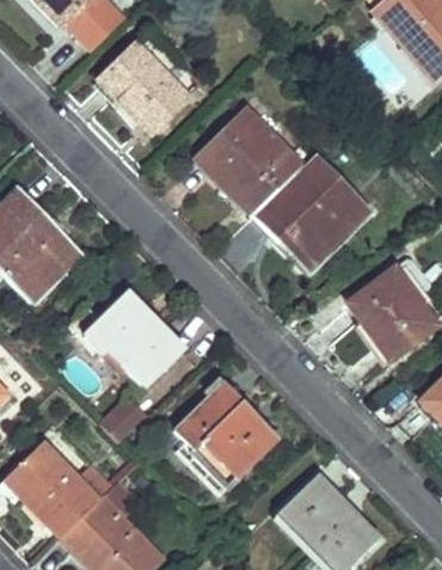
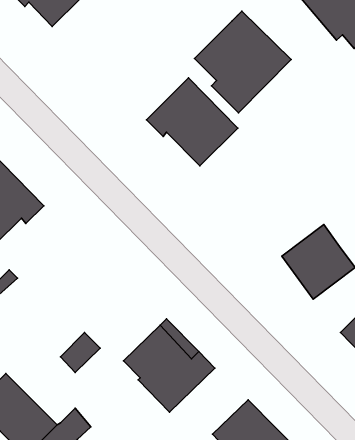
building: [99,29,202,131] -> none
building: [260,154,370,270] -> [195,11,291,113]
building: [84,293,183,387] -> none

